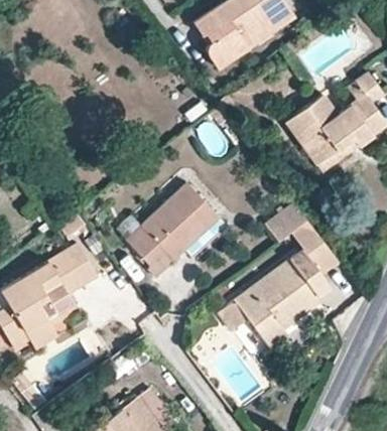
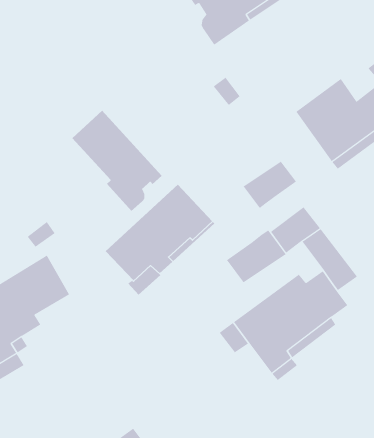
building: none -> [71,110,163,212]
building: none -> [243,161,297,209]
building: none -> [226,229,287,283]

